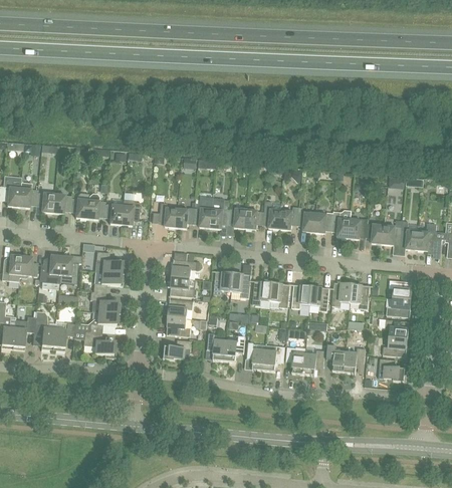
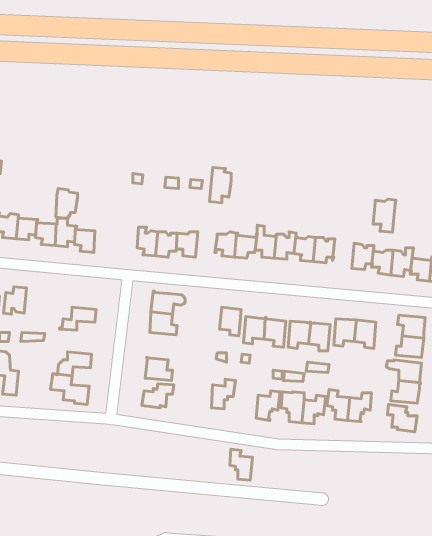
building: [210,198,229,229] -> [209,167,231,203]
building: [121,199,140,225] -> [56,189,77,218]
building: [330,209,351,238] -> [373,199,396,232]
building: [94,251,124,274] -> none
building: [59,255,77,283] -> none
building: [213,271,233,295] -> none
building: [89,291,120,313] -> none
building: [167,298,192,318] -> none
building: [52,321,75,350] -> none
building: [206,333,225,360] -> none
building: [245,342,265,370] -> [230,449,253,480]

